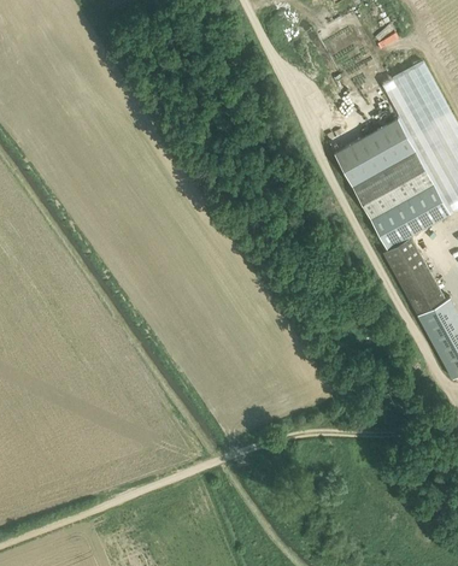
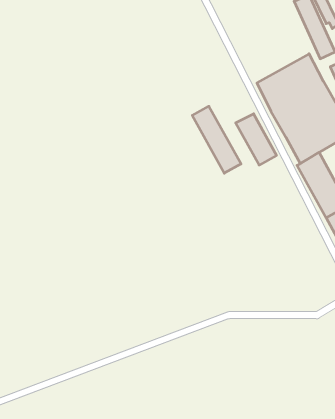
building: none -> [192,106,241,173]
building: none -> [236,114,276,165]

